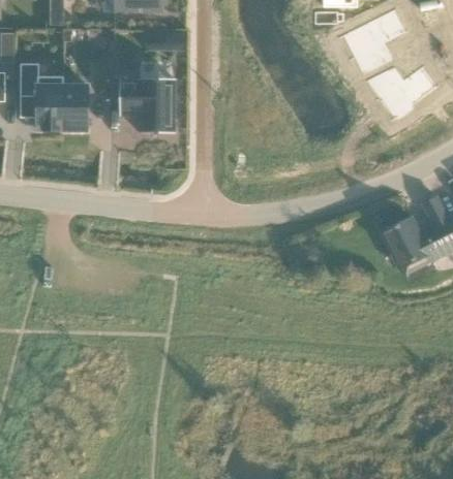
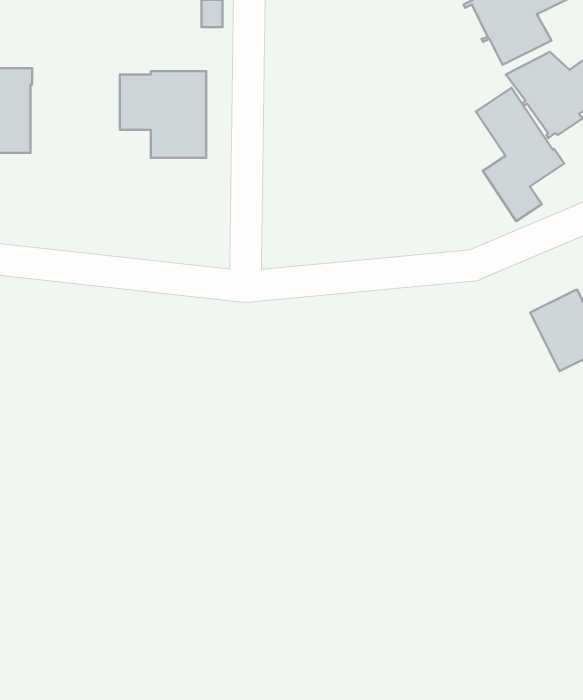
building: [63,86,89,129] -> none
building: none -> [476,88,564,221]

